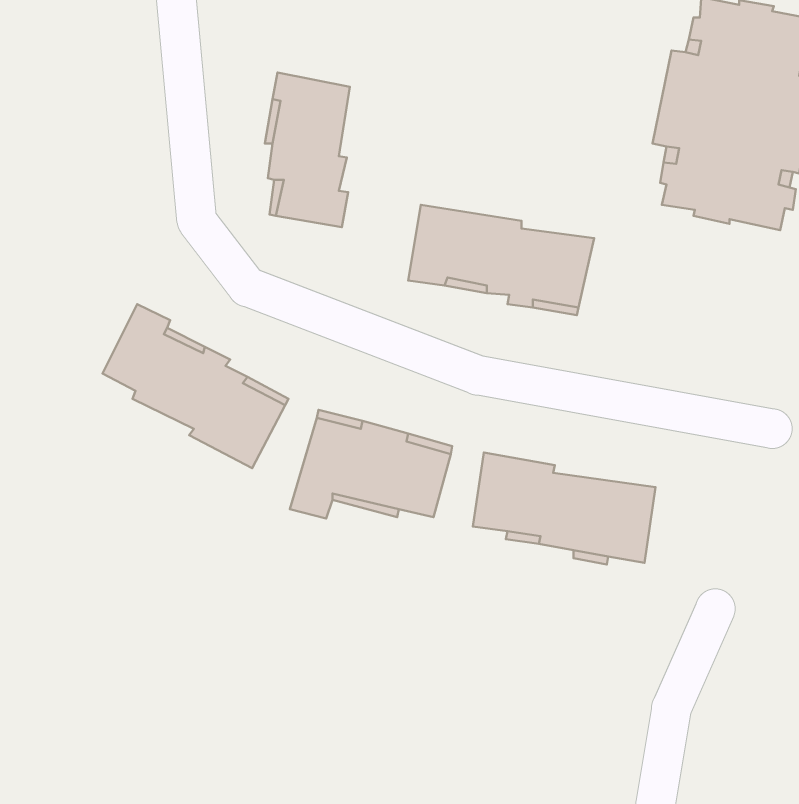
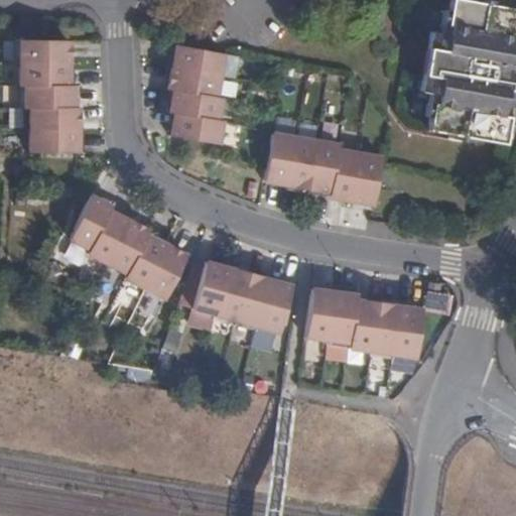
building: none -> [24,36,82,149]

